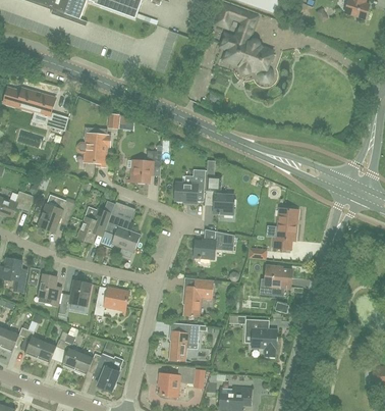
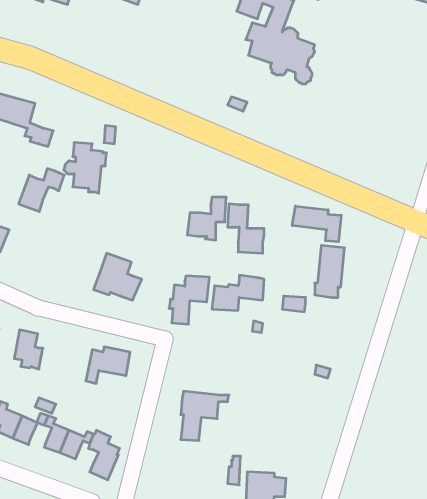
building: [130,144,161,182] -> none
building: none -> [292,206,341,242]
building: [38,198,73,232] -> [19,169,64,212]
building: [76,207,111,242] -> none
building: [263,264,290,288] -> none
building: [181,277,213,315] -> [169,276,209,324]
building: [57,279,91,313] -> none
building: [243,317,275,356] -> none
building: [157,365,195,395] -> none

